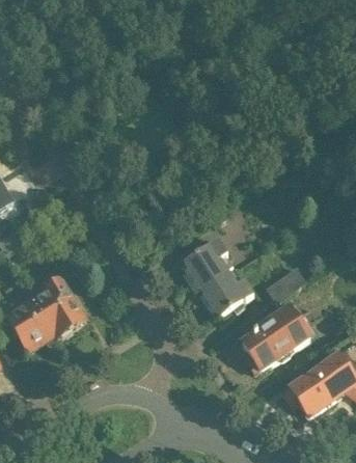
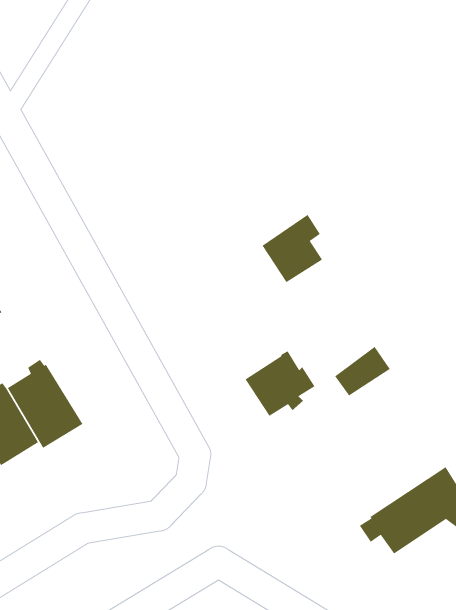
building: [184,239,227,289] -> [262,214,322,283]
building: [241,304,309,372] -> none

